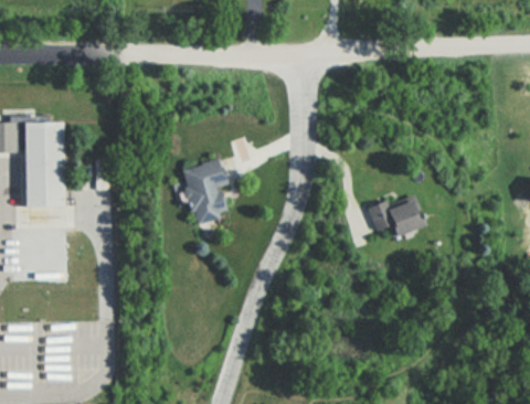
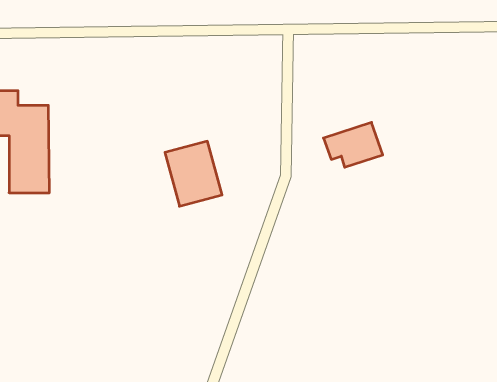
building: [364,194,423,238] -> [323,122,383,167]

